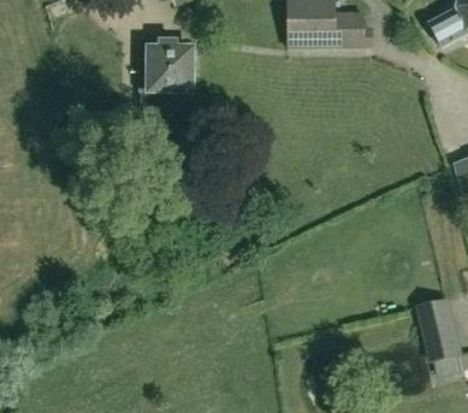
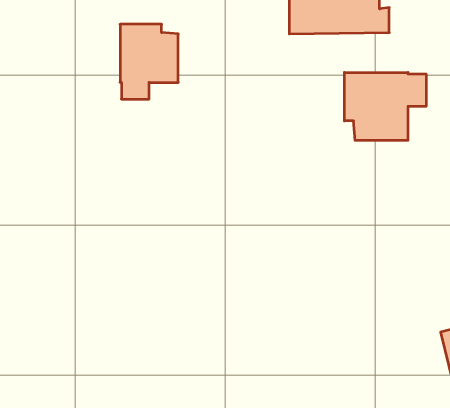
building: none -> [344,72,426,140]

